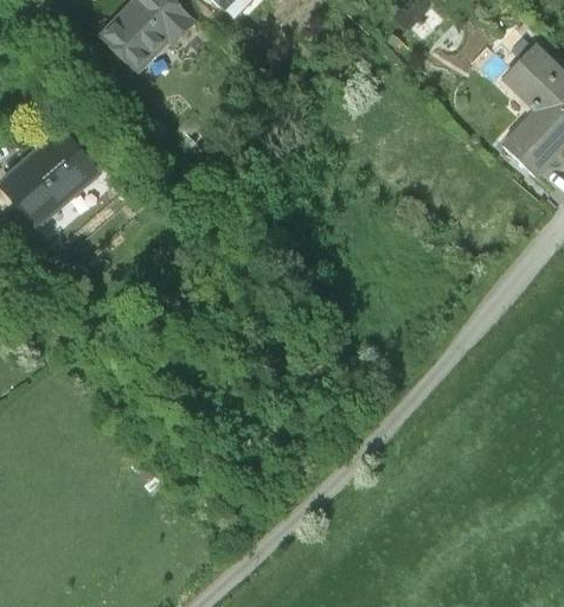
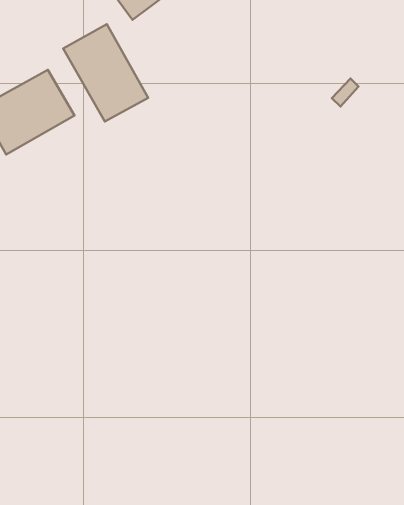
building: none -> [63,24,148,121]

